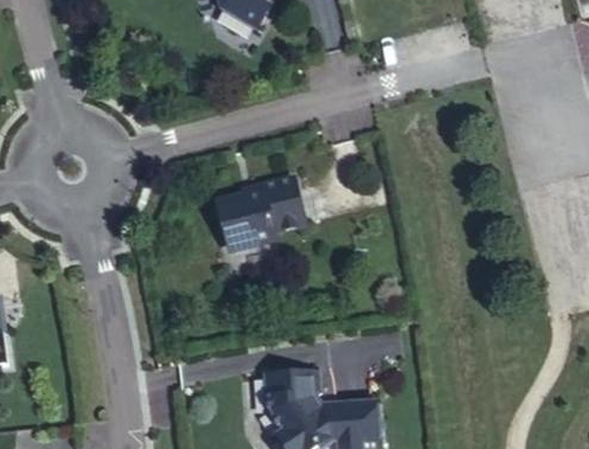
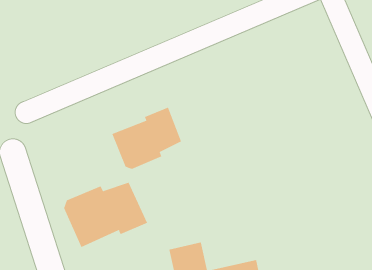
building: none -> [64,182,148,248]

